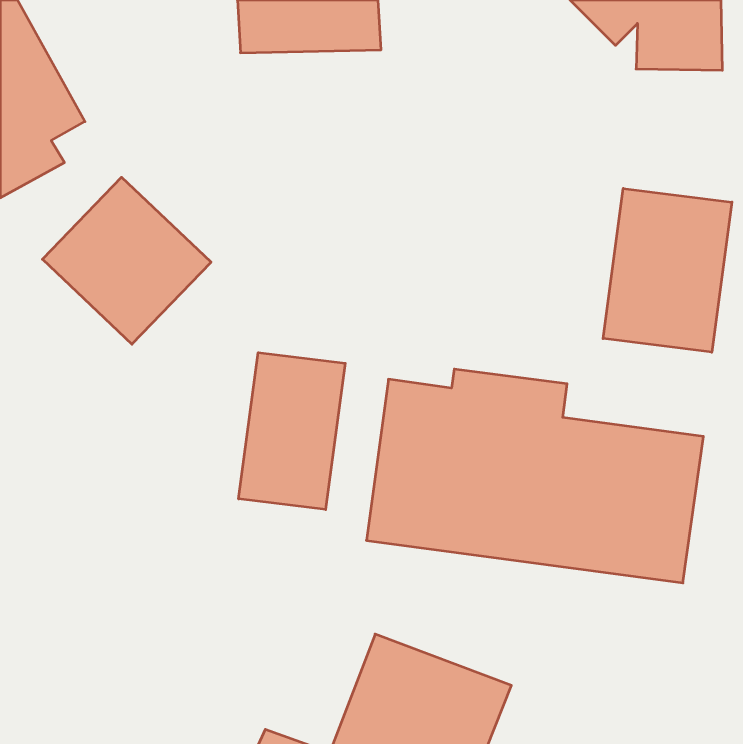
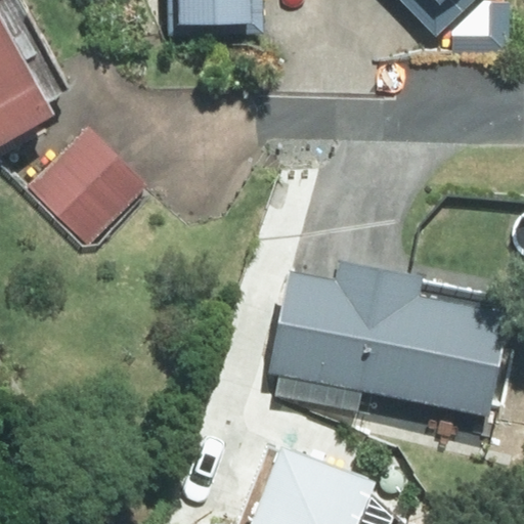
building: [603,188,732,352] -> none
building: [239,353,345,510] -> none

